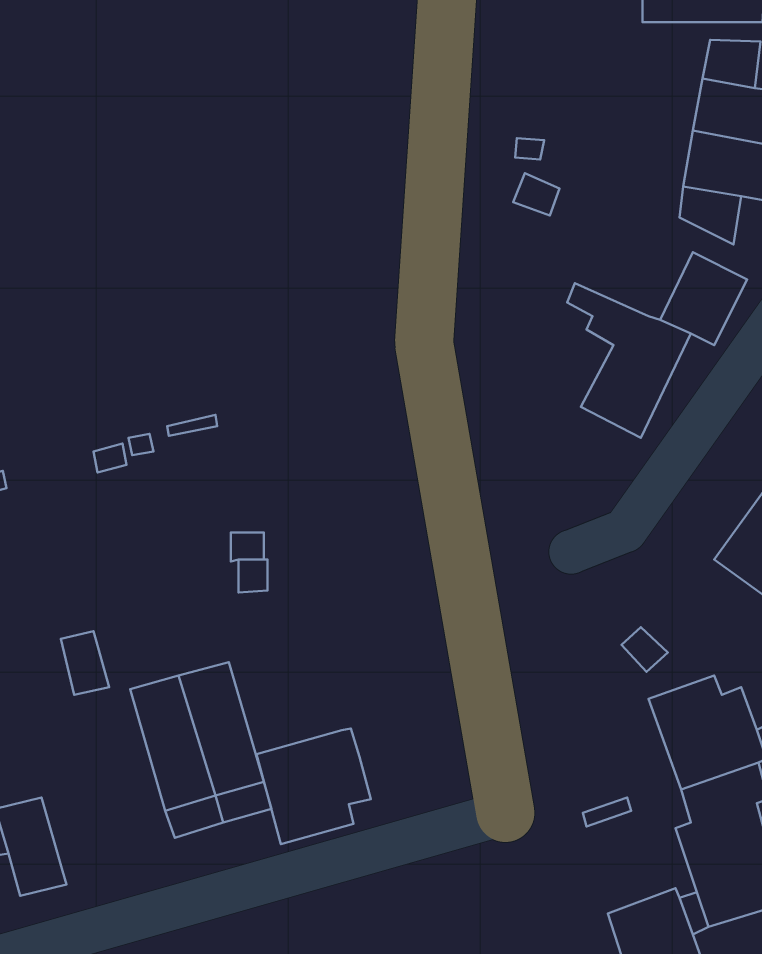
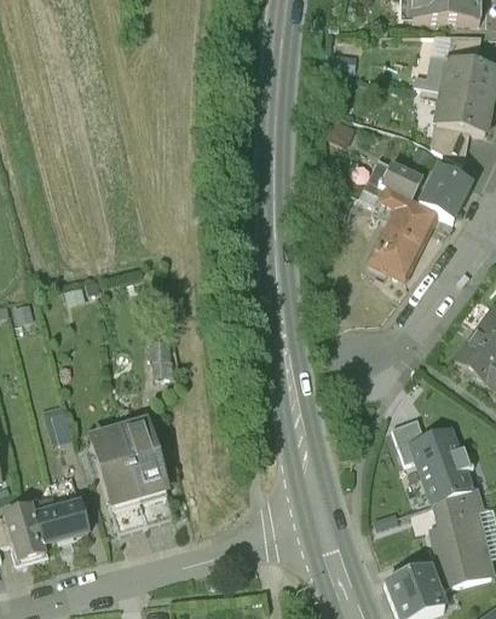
building: none -> [364,155,422,203]
building: [257,729,371,844] -> none
building: none -> [29,472,90,550]

